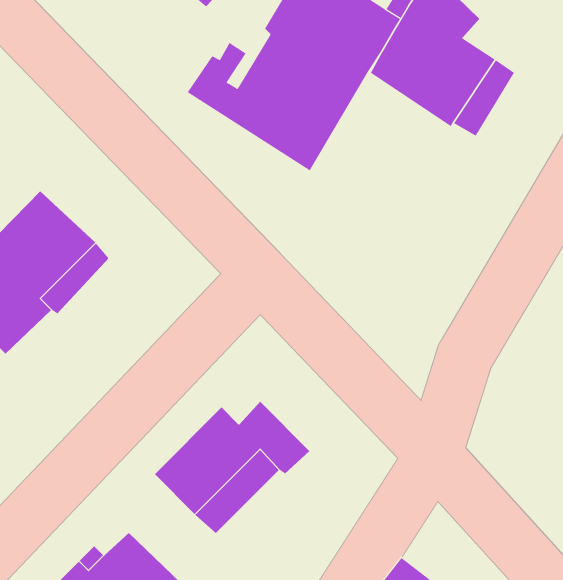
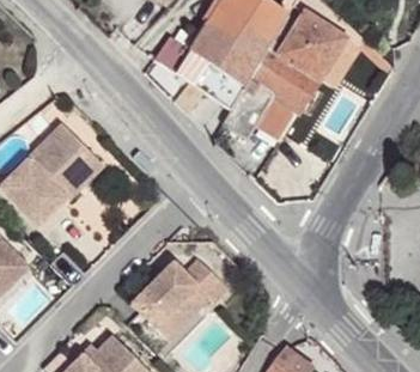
building: none -> [219,50,315,145]

